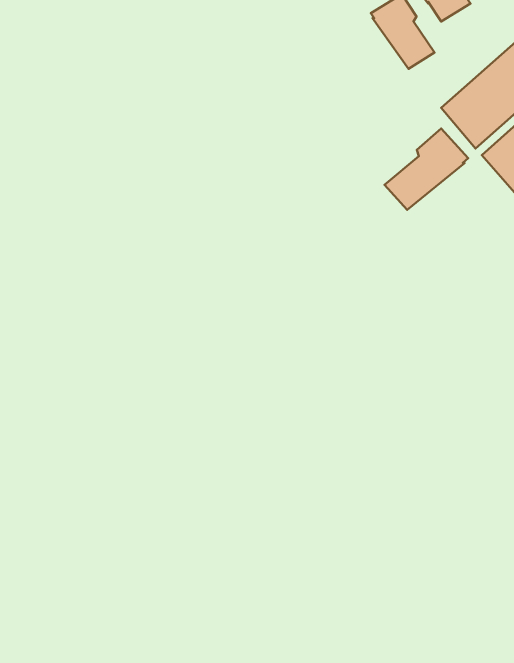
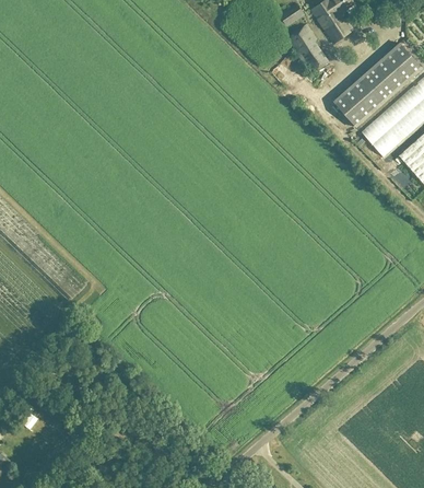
building: [385,128,468,210] -> none

